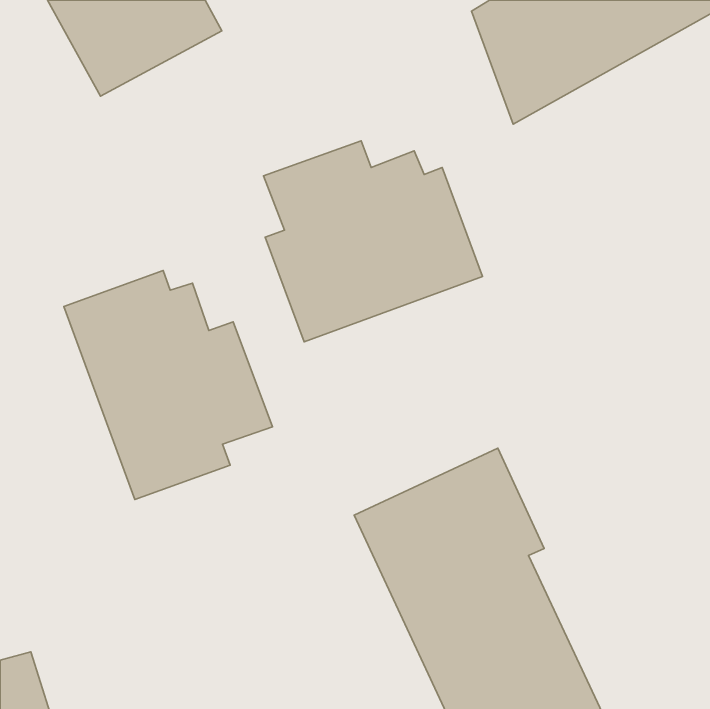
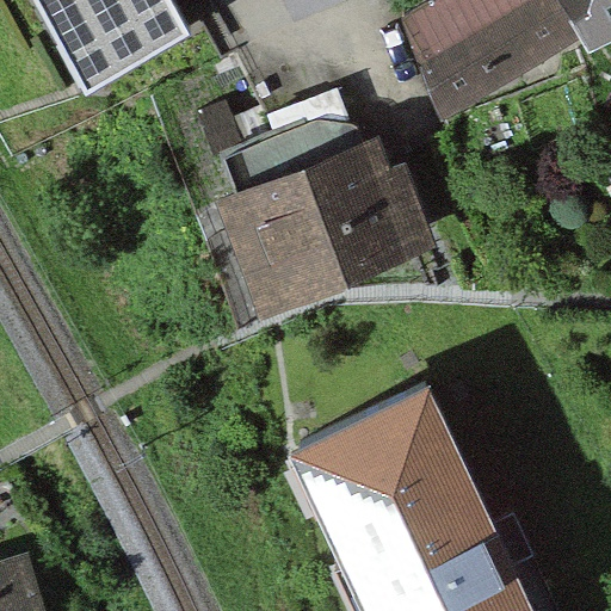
building: [64,271,273,500] -> none

